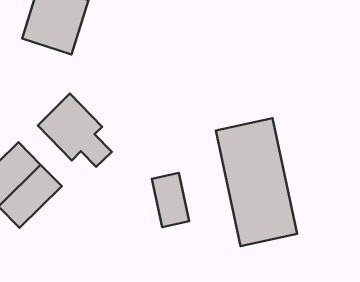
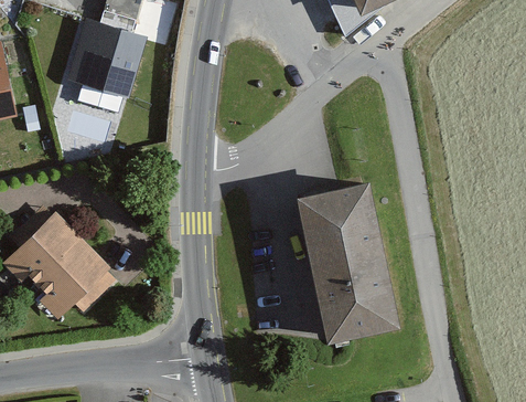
building: [38,94,112,167] -> none
building: [152,173,189,227] -> none

